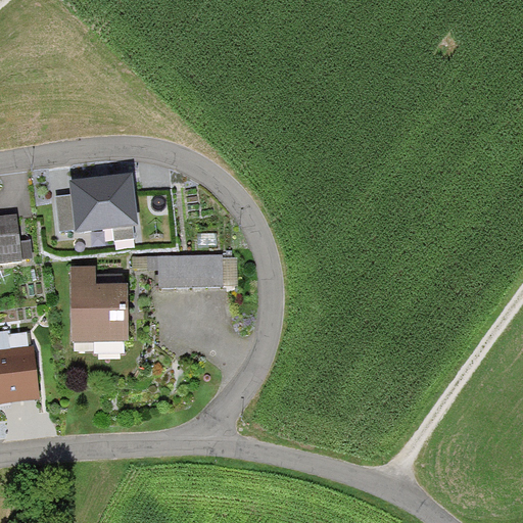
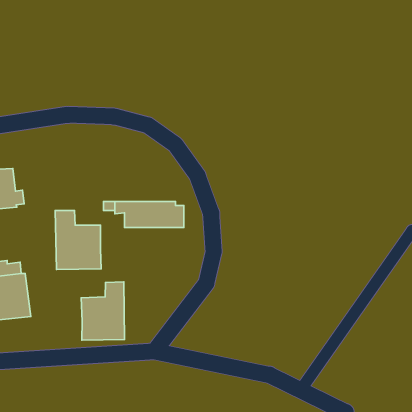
building: [54,174,138,234] -> none
building: none -> [81,282,125,340]

